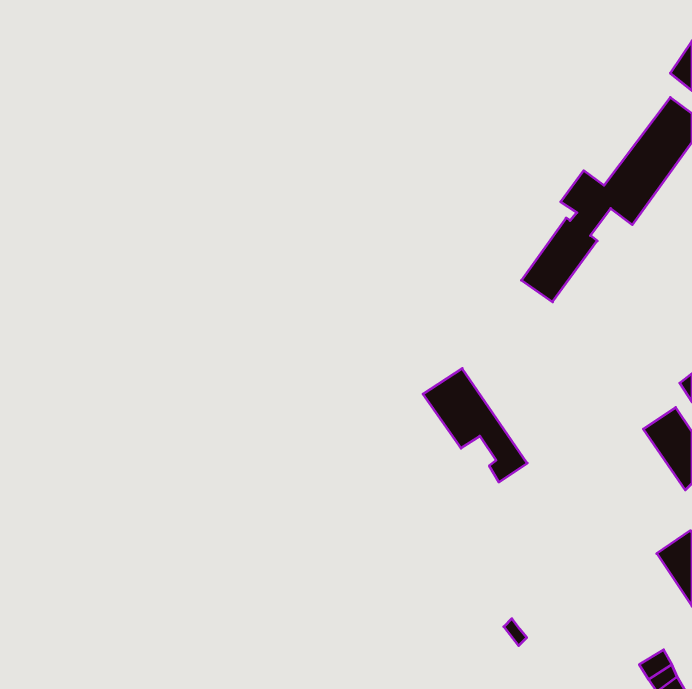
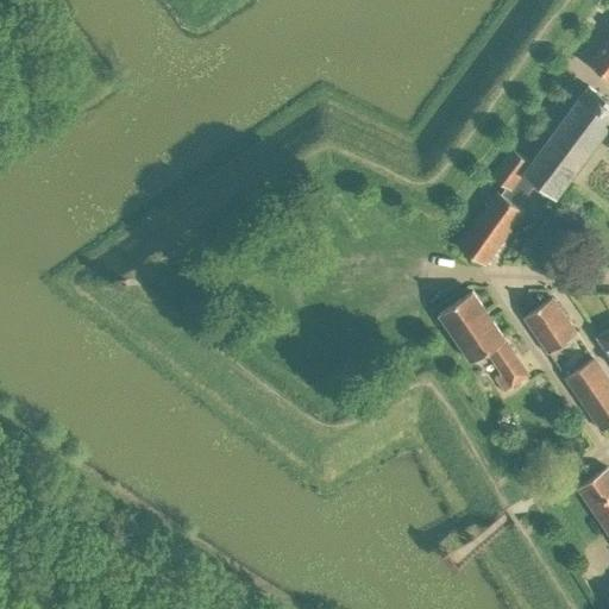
building: none -> [523,300,577,354]
building: [423,368,527,482] -> [438,294,529,394]

